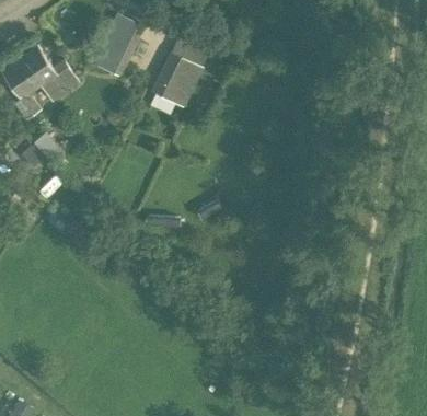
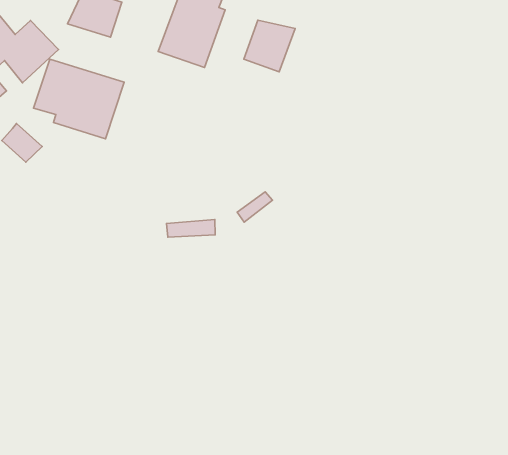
building: none -> [244,20,295,72]
building: none -> [34,59,124,139]

